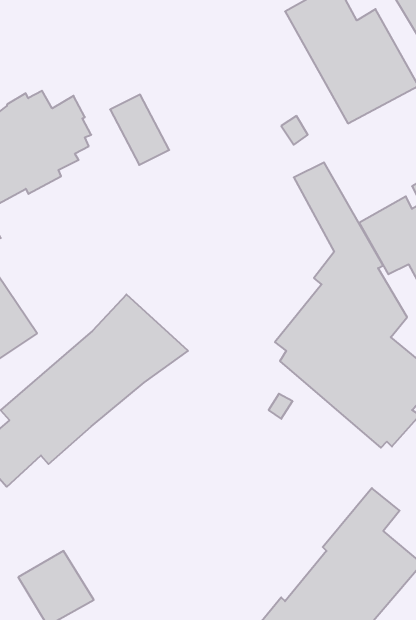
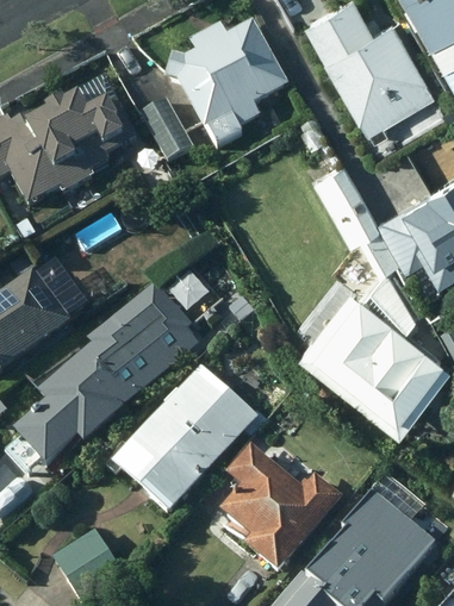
building: none -> [163,19,286,146]
building: none -> [110,363,257,516]
building: none -> [217,443,341,575]

